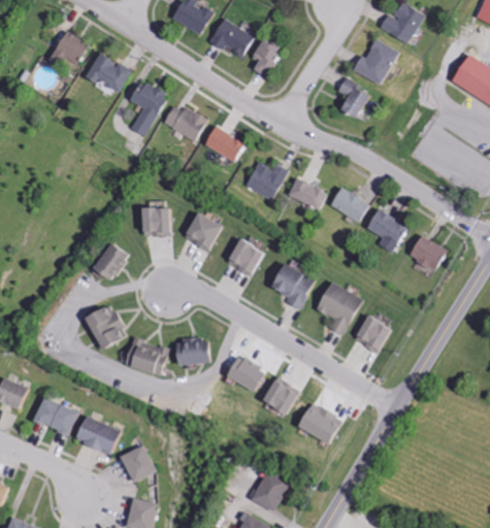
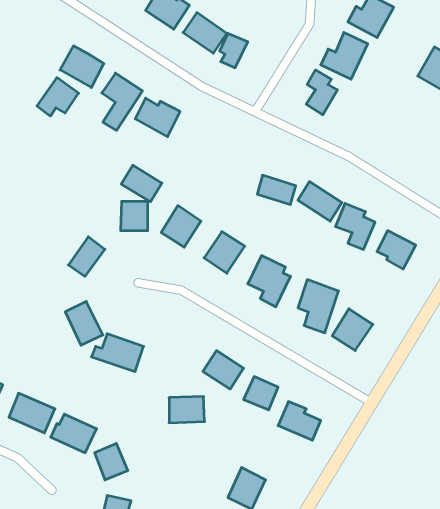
building: [47,31,89,69] -> [37,78,79,116]
building: [196,126,236,162] -> [121,165,162,202]
building: [239,163,283,201] -> none
building: [176,338,211,364] -> [169,397,205,423]

